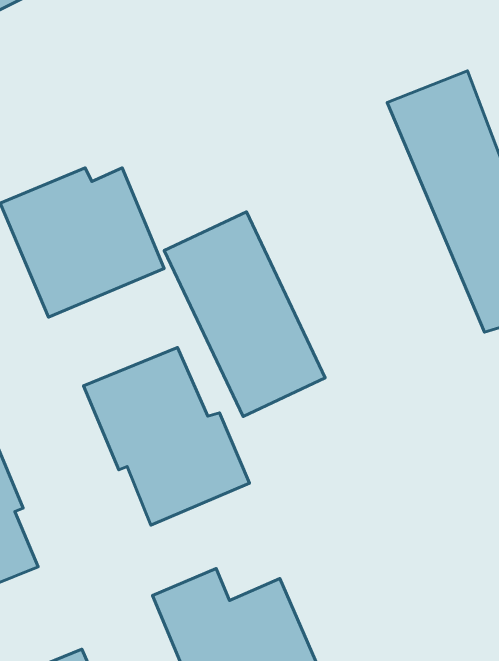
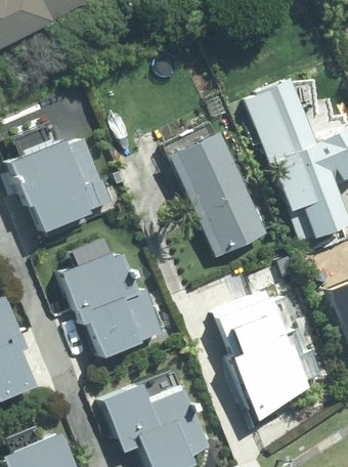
building: [164,212,325,416] -> [168,131,266,256]
building: none -> [213,291,304,419]

